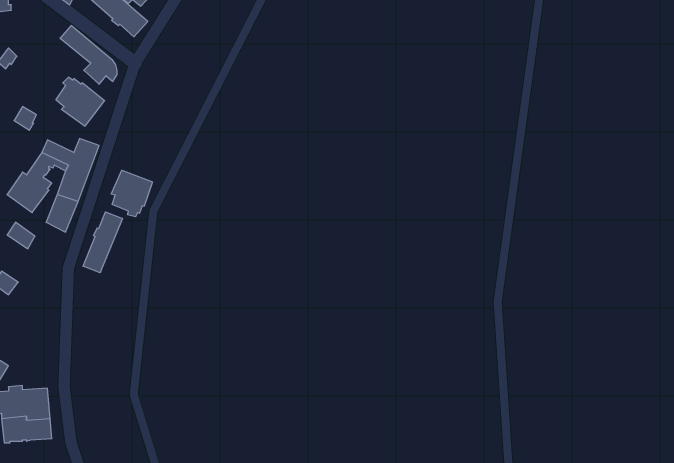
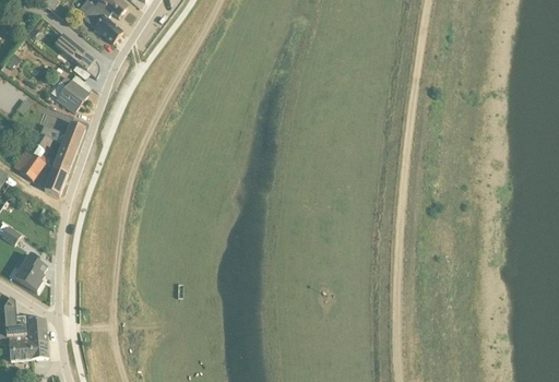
building: [111,170,153,217] -> none
building: [83,212,122,273] -> none
building: none -> [13,252,47,291]

